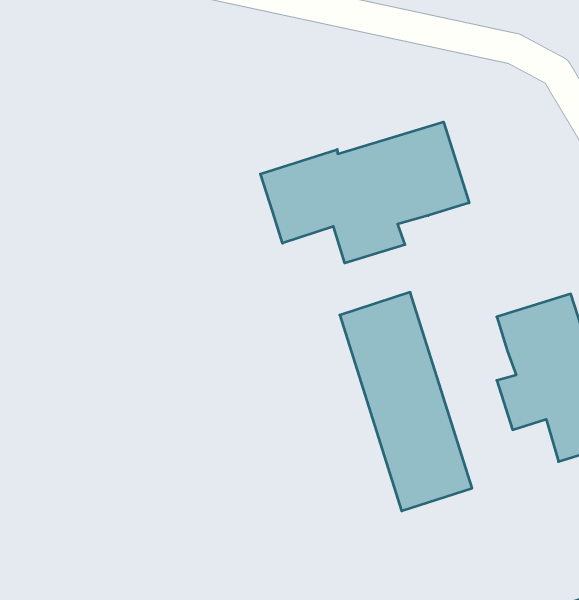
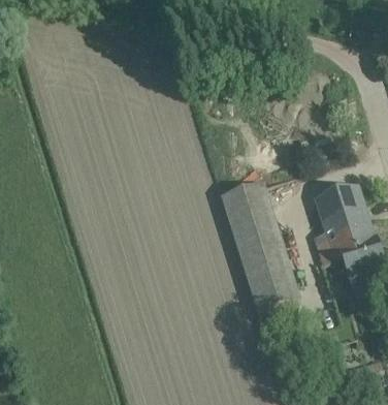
building: [260,122,469,263] -> none

